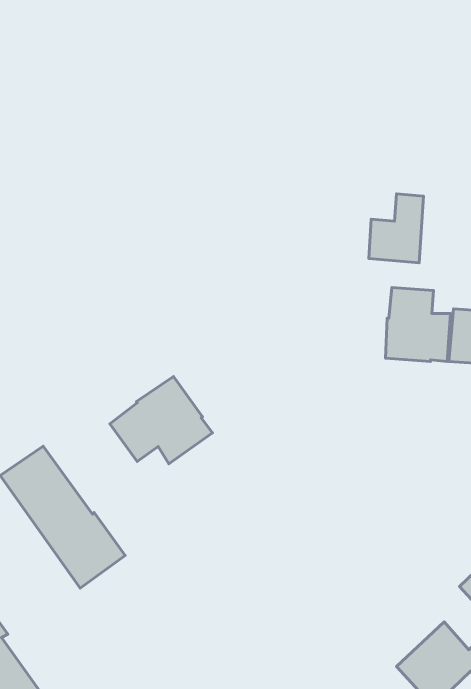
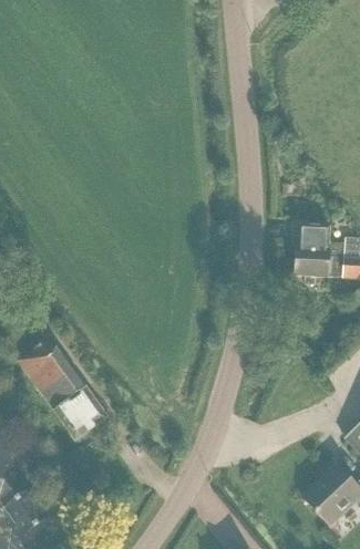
building: [369,194,423,263] -> none
building: [110,376,212,464] -> none

